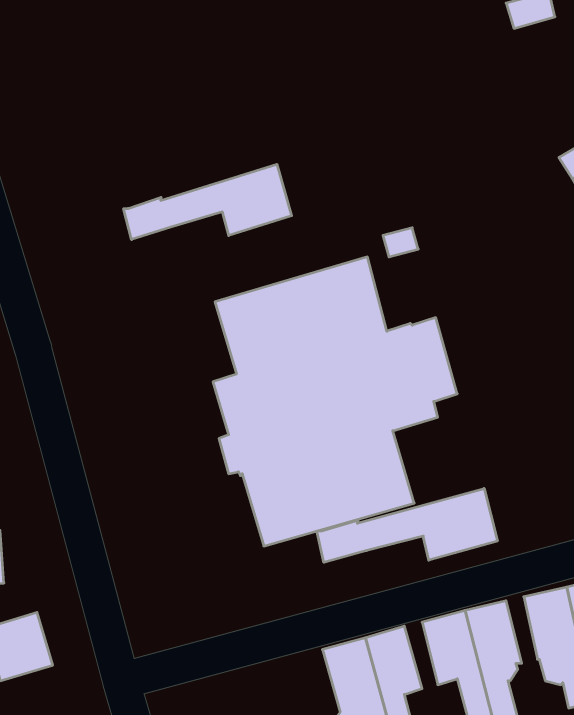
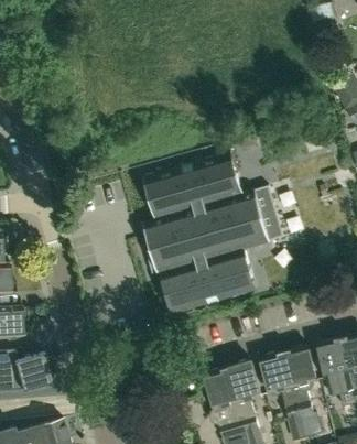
building: [124,164,292,240] -> none
building: [317,488,497,562] -> none

